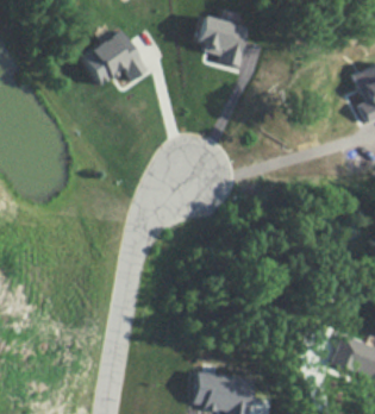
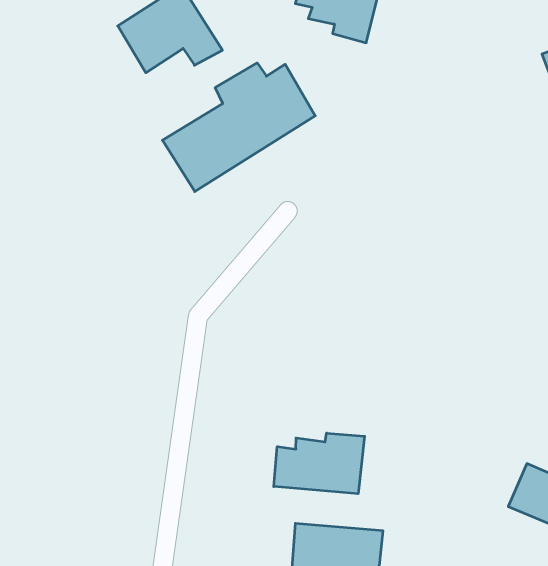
building: none -> [162,63,315,192]
building: none -> [274,433,365,494]

